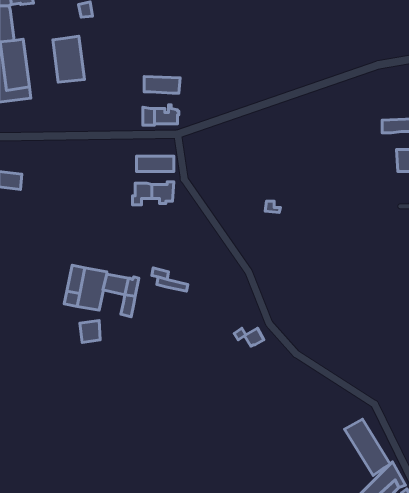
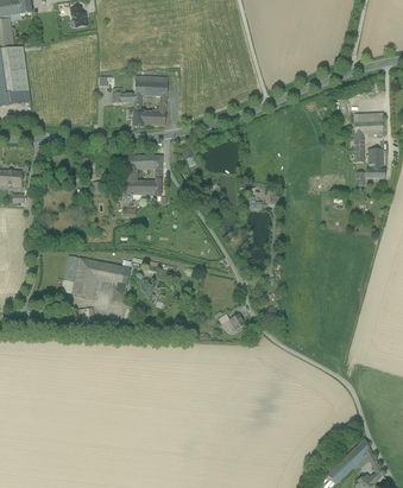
building: [53,36,84,82] -> none
building: [344,419,390,475] -> none

